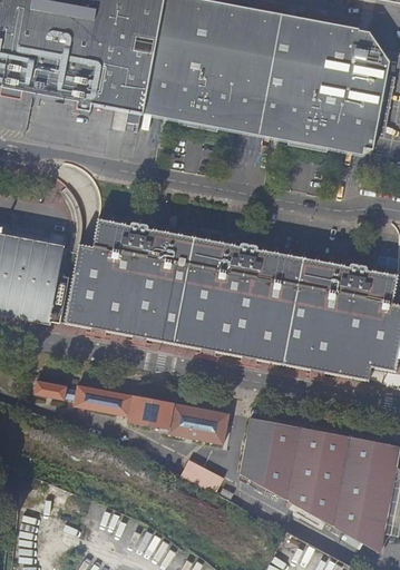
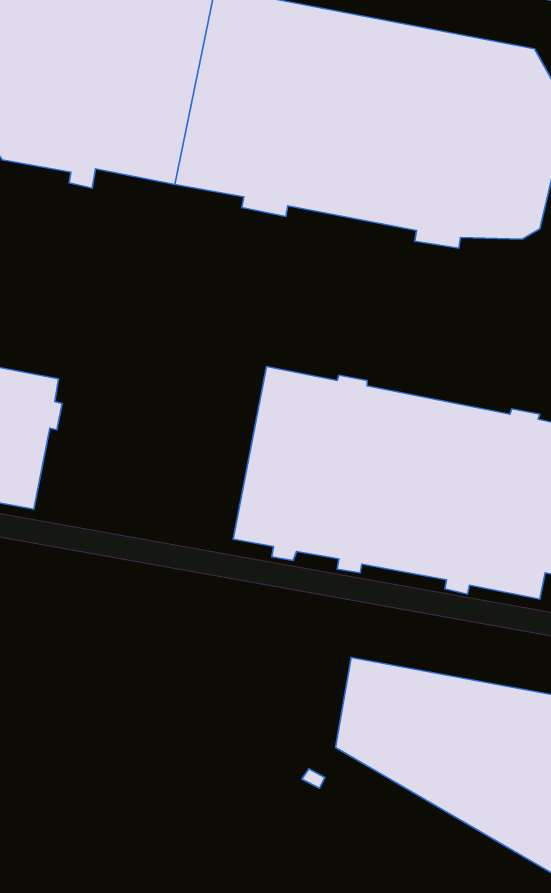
building: [70,217,196,342] -> none
building: [35,380,228,443] -> none
building: [181,459,223,492] -> none

